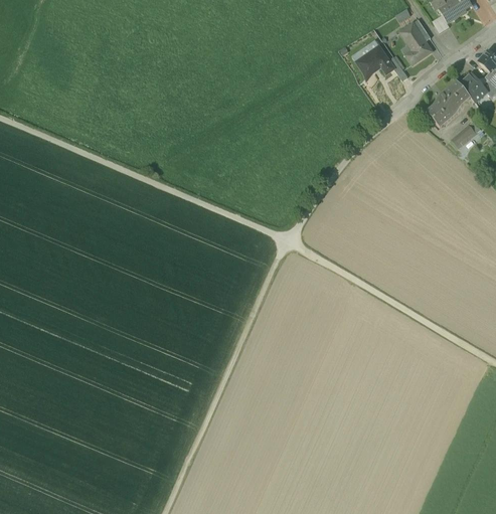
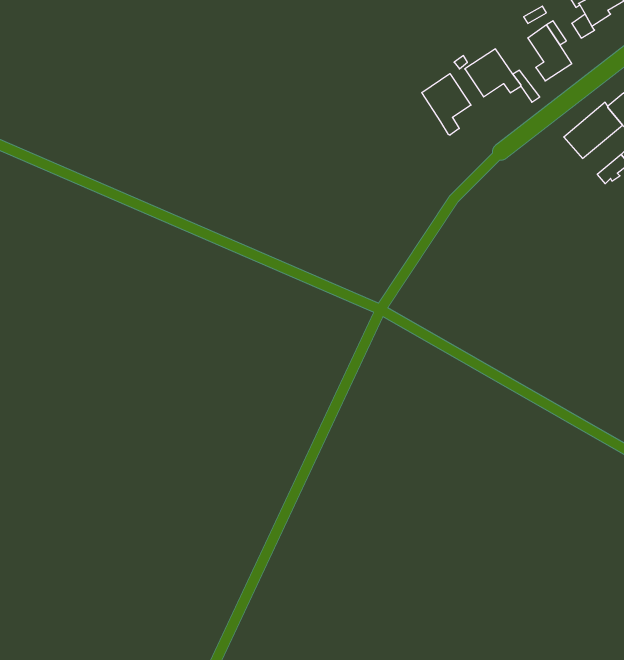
building: none -> [422,74,471,135]

